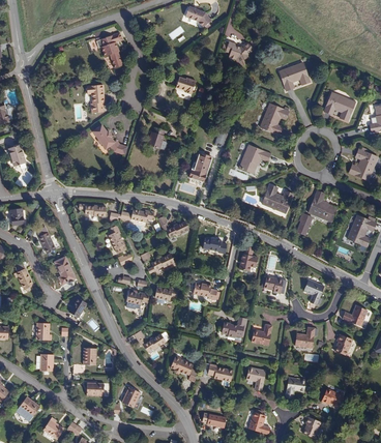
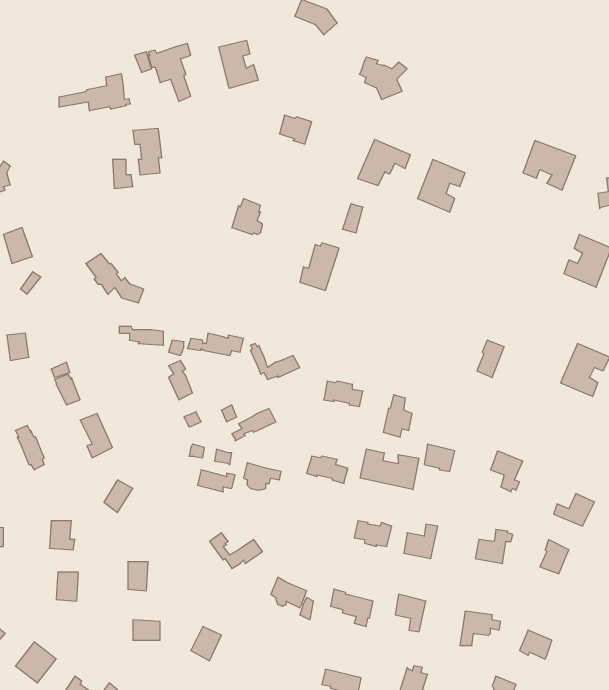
building: none -> [219,40,258,88]
building: none -> [59,74,130,111]
building: [277,61,310,90] -> none
building: [91,124,126,154] -> [86,254,144,303]
building: [237,144,269,172] -> [358,139,410,185]
building: [260,183,293,213] -> none
building: [306,189,336,222] -> none
building: none -> [360,449,419,490]

